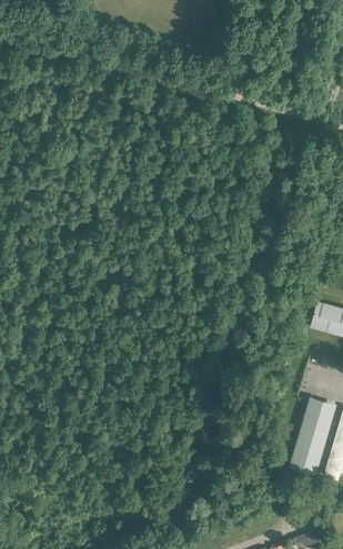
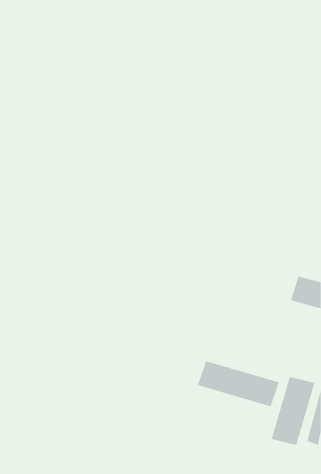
building: none -> [197,360,280,407]

